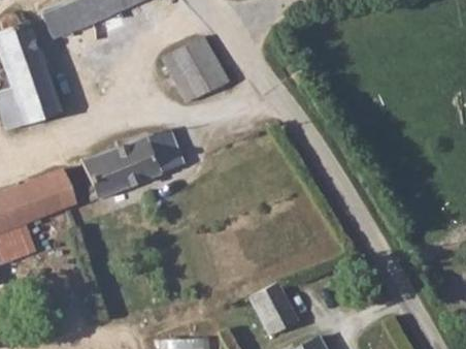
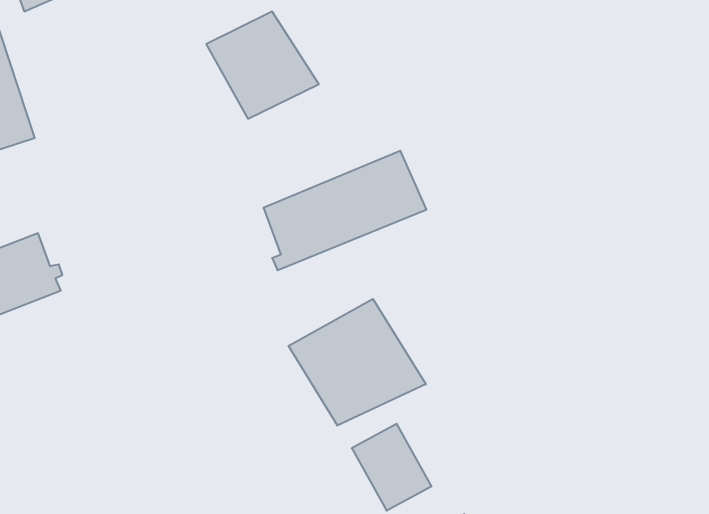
building: [82,128,179,199] -> [263,151,426,270]
building: none -> [289,299,426,426]

